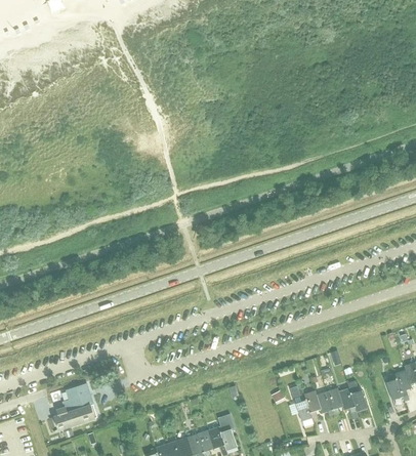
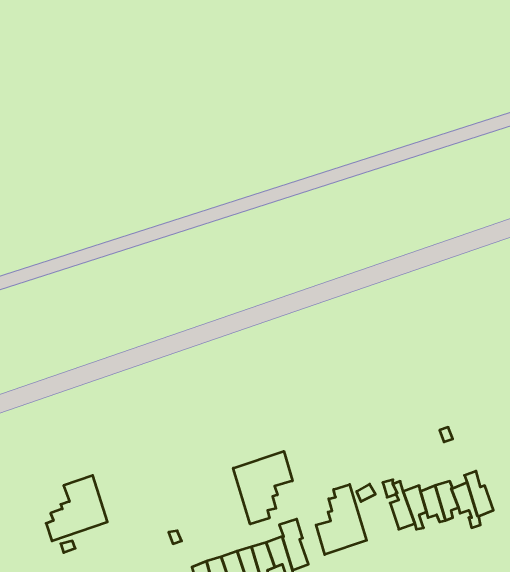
building: none -> [233,451,292,524]
building: none -> [316,484,367,555]

